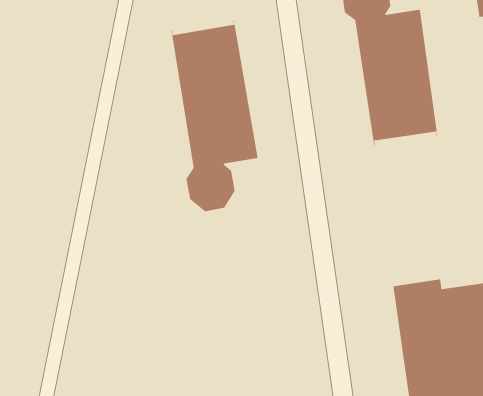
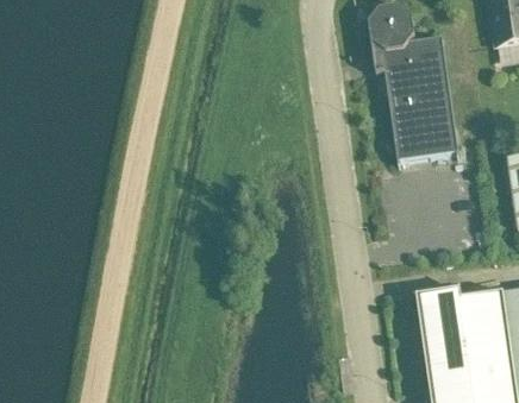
building: [170,19,258,212] -> none

